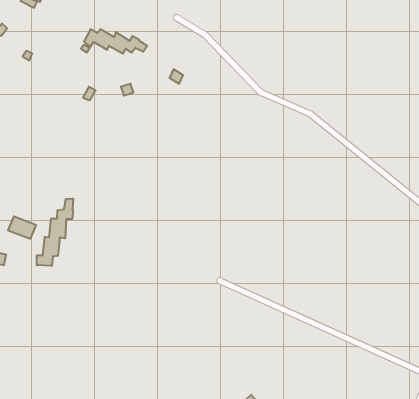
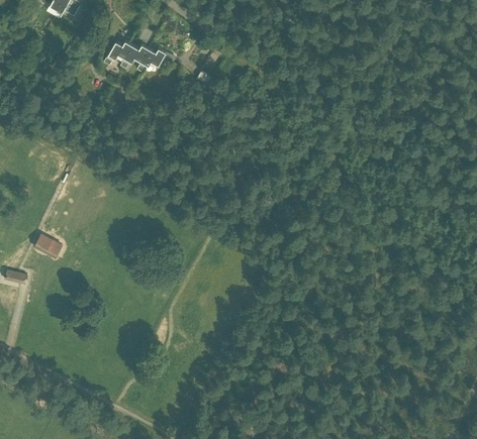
building: [37,198,73,266] -> none

